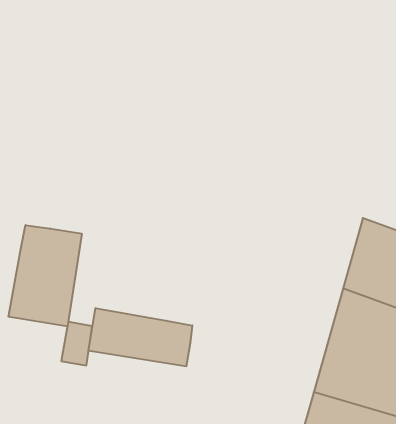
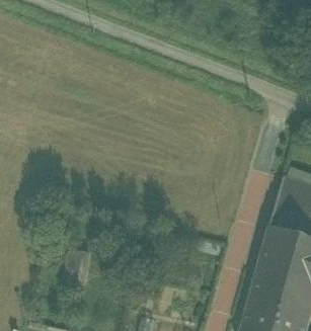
building: [9,225,82,326] -> none
building: [89,308,192,366] -> none

